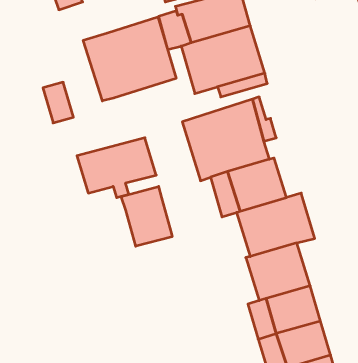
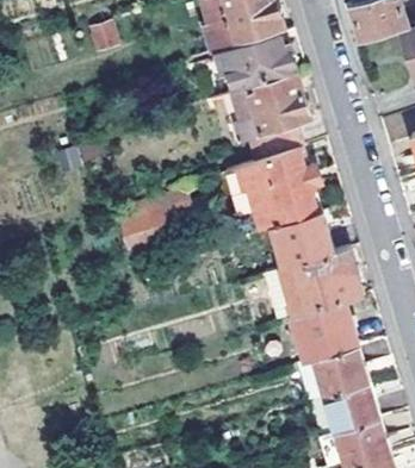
building: [83,17,176,101] -> none
building: [121,186,172,246] -> none

